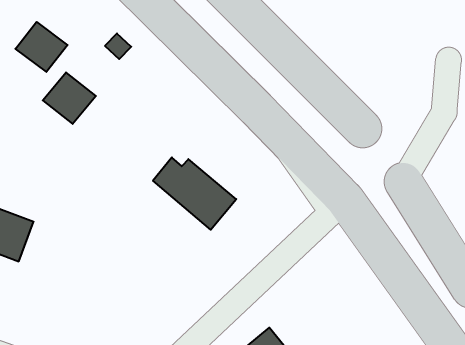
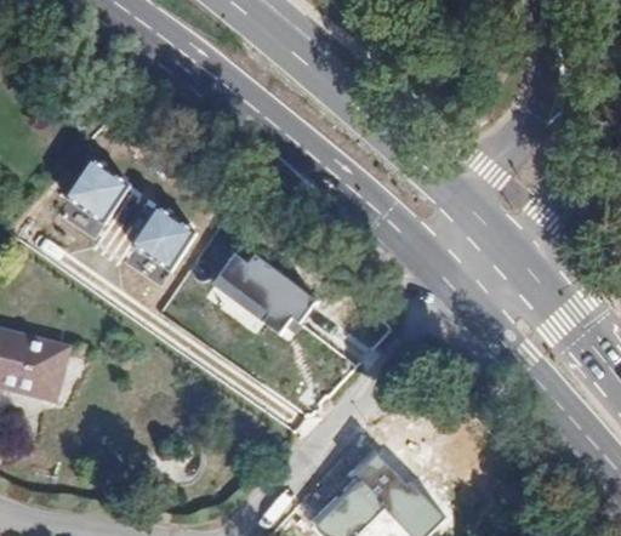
building: [15,22,68,72] -> none
building: none -> [131,205,196,270]

